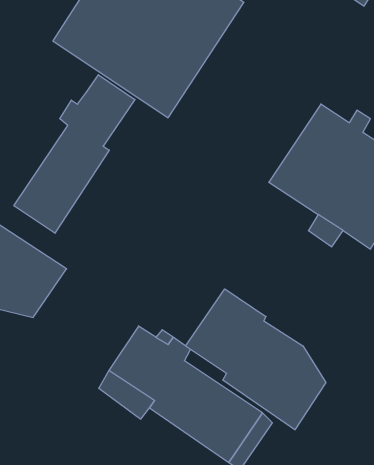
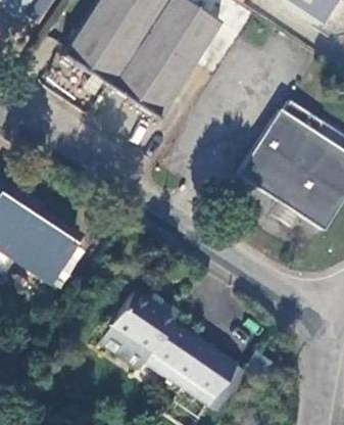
building: [14,75,135,233] -> none
building: [186,289,326,430] -> none

